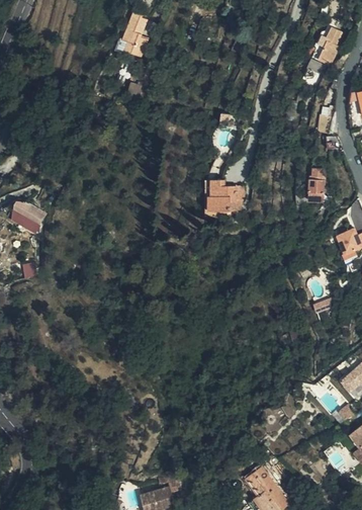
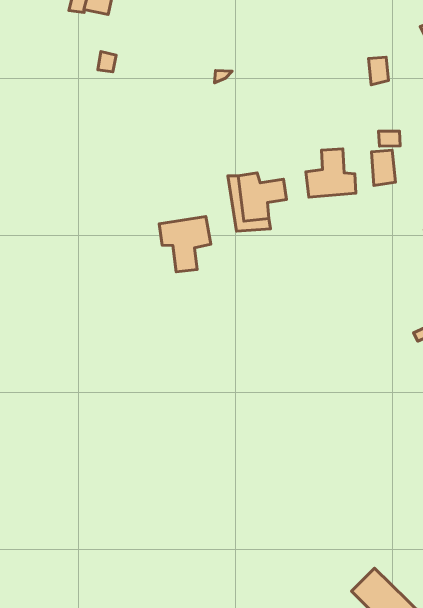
building: none -> [306,149,356,197]
building: none -> [159,217,211,272]

